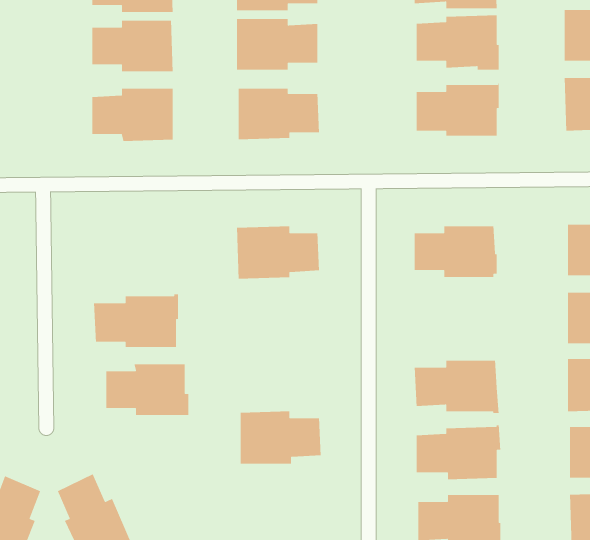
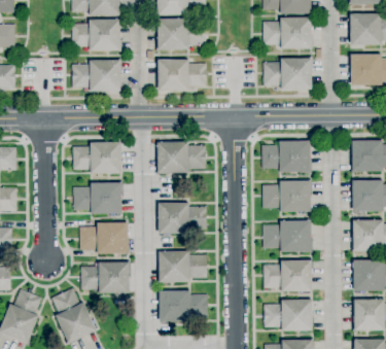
building: none -> [72,142,122,174]
building: none -> [261,179,311,212]
building: none -> [157,202,206,233]
building: none -> [80,260,130,292]
building: none -> [159,290,207,321]

